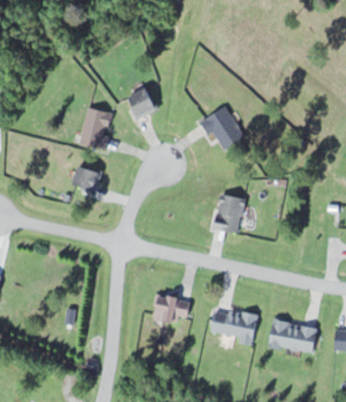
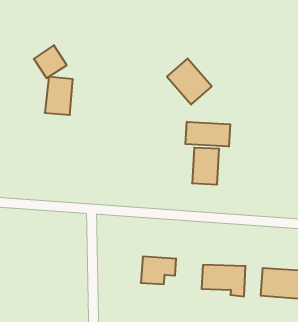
building: [126,86,158,117] -> [34,45,67,78]
building: [74,165,99,189] -> none
building: none -> [185,122,230,147]

